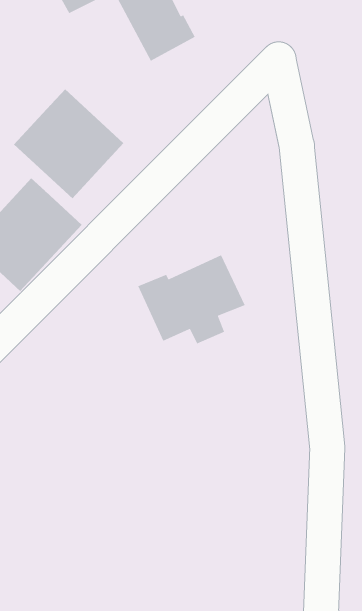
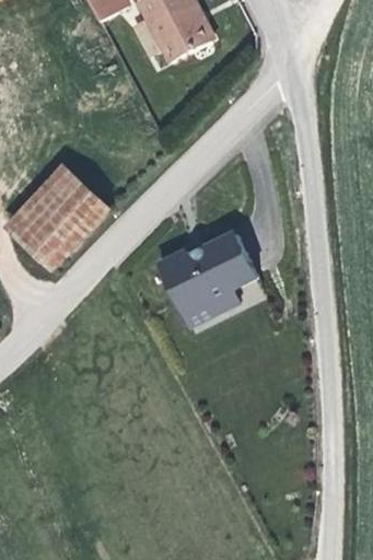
building: [13,88,124,199] -> none

